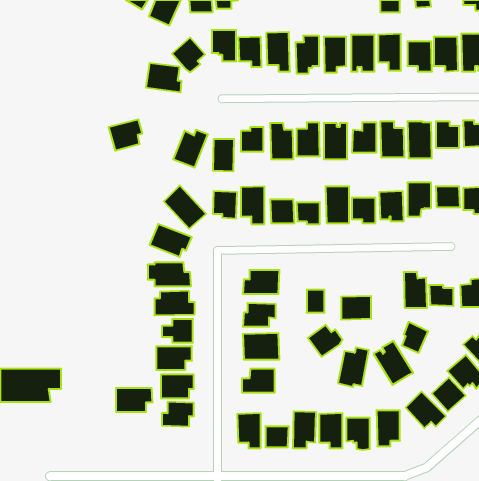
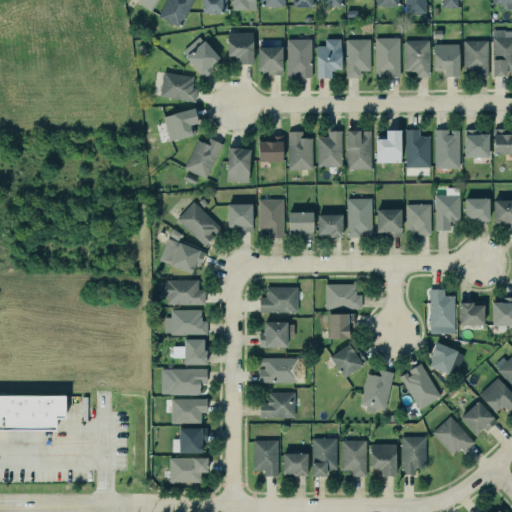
building: [109,120,142,151] -> [164,108,200,141]
building: [341,296,371,320] -> [326,280,358,305]
building: [116,388,153,412] -> [170,457,209,482]

